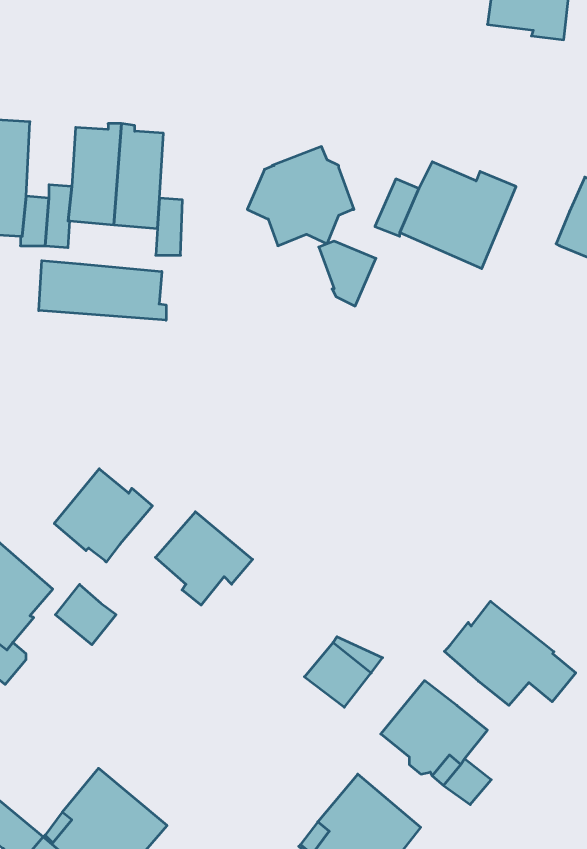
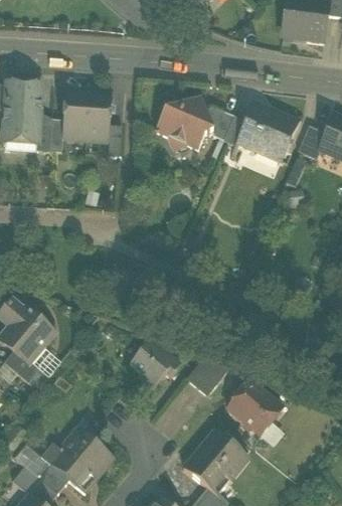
building: none -> [298,125,326,159]
building: [319,241,376,306] -> [204,106,234,140]
building: [39,261,166,320] -> none
building: [54,469,152,562] -> none
building: [155,512,253,605] -> [129,338,180,387]
building: [55,584,116,645] -> none
building: [444,601,576,705] -> none

